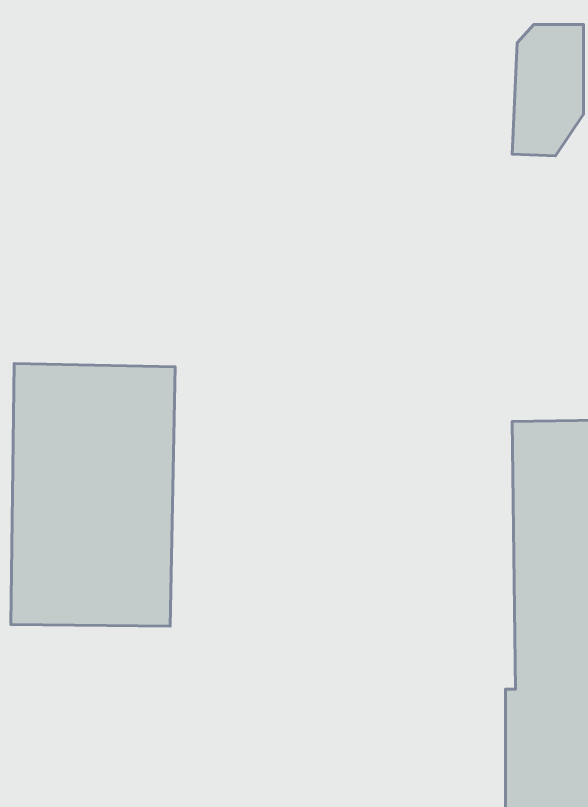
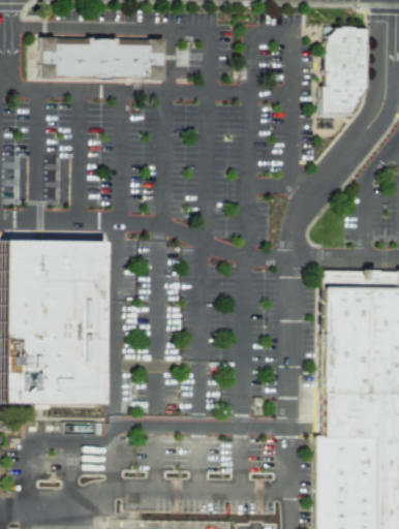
building: none -> [29,34,164,80]

